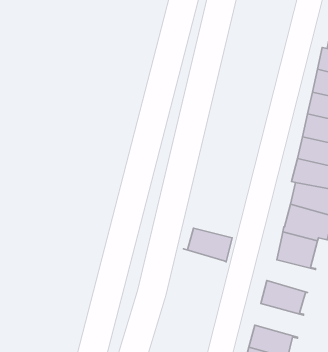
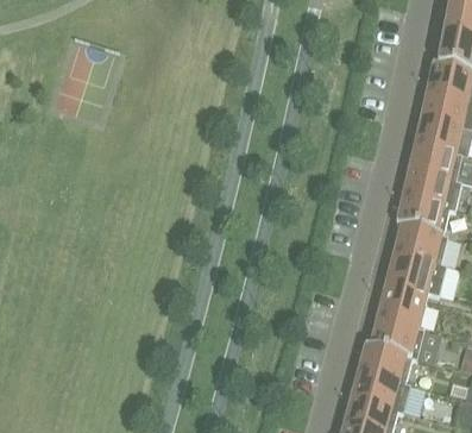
building: [184,228,232,262] -> [365,318,423,358]
building: none -> [351,370,409,410]

